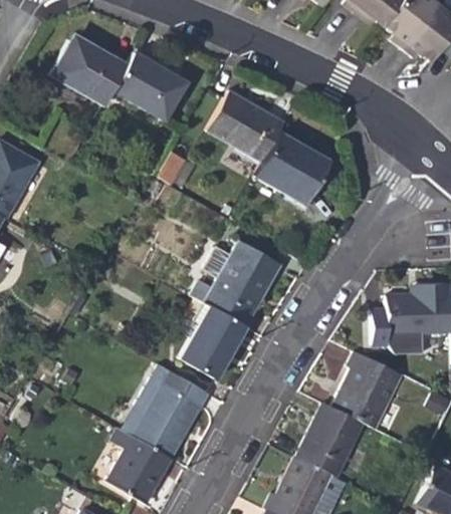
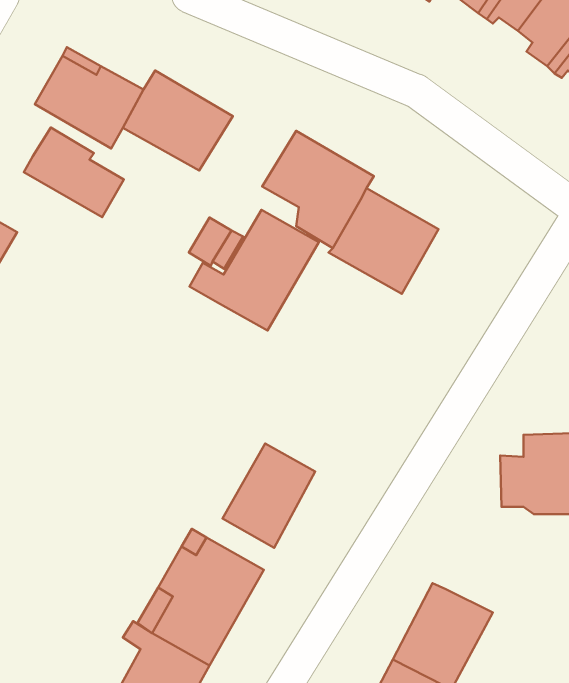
building: none -> [24,128,124,217]
building: [191,243,279,325] -> [190,210,319,330]
building: [333,350,402,428] -> none

